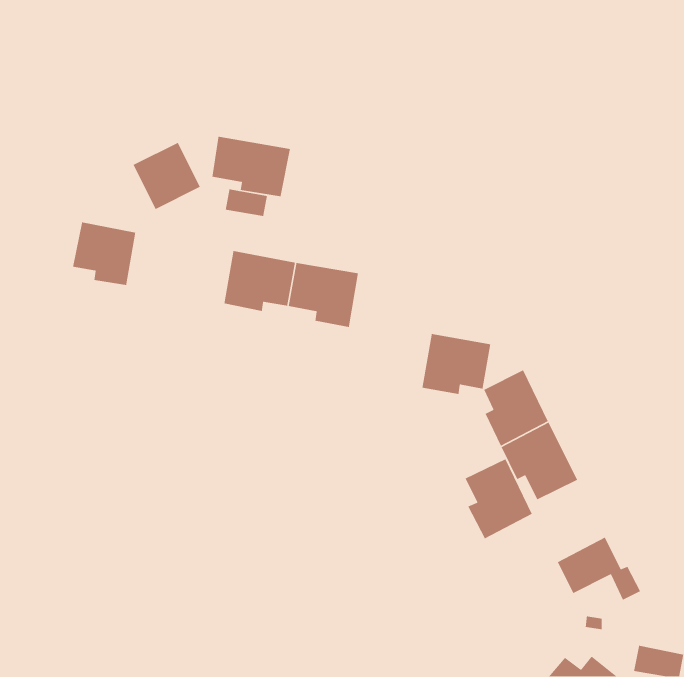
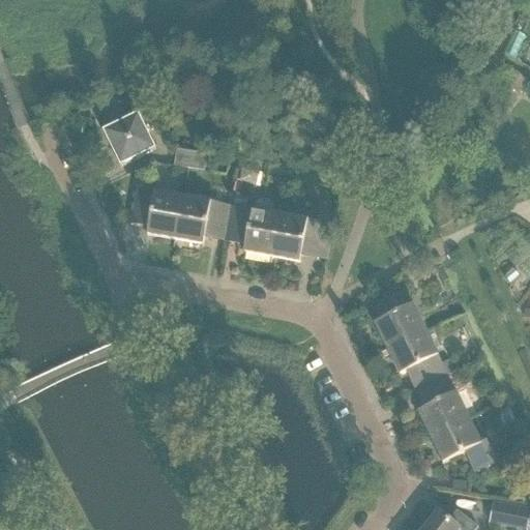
building: [211,136,291,197] -> none
building: [72,222,136,286] -> [130,185,180,235]
building: [422,333,491,395] -> [270,211,324,259]
building: [464,458,533,540] -> [415,372,468,435]

